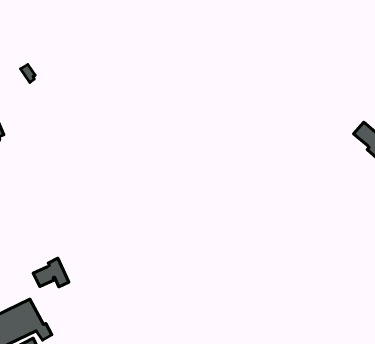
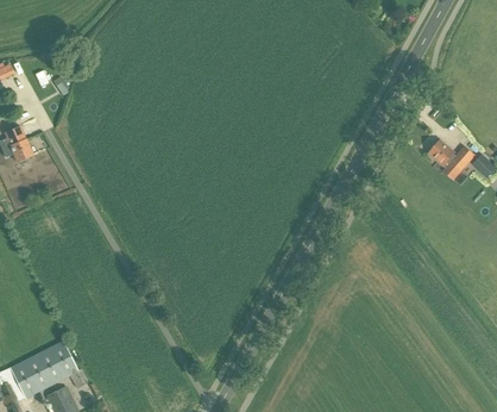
building: [33,258,69,287] -> none

